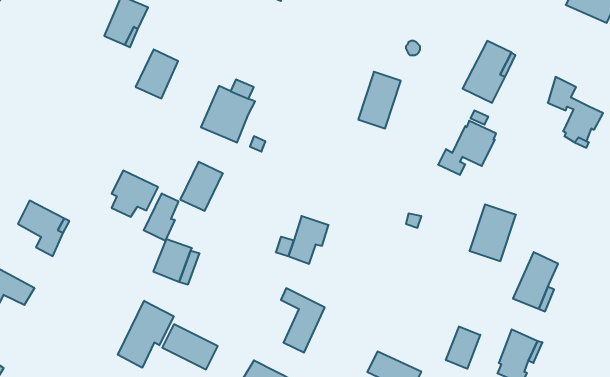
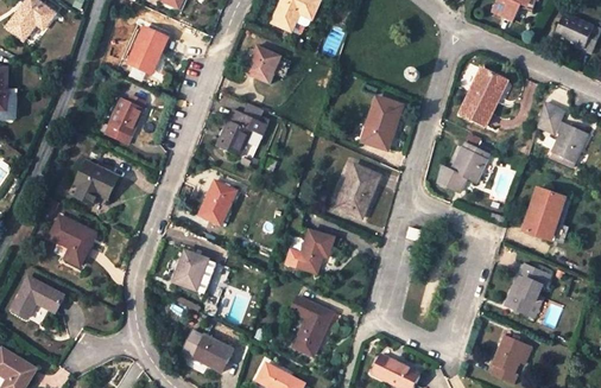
building: none -> [246,45,281,82]
building: [136,49,178,98] -> [103,98,143,144]
building: none -> [335,163,380,217]
building: [112,170,158,217] -> [75,161,118,204]
building: [144,193,178,241] -> none
building: [469,204,516,261] -> [523,187,565,240]
building: [118,301,174,368] -> none
building: [446,326,480,369] -> none

